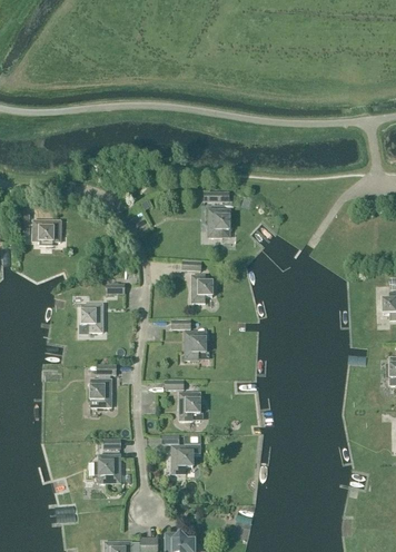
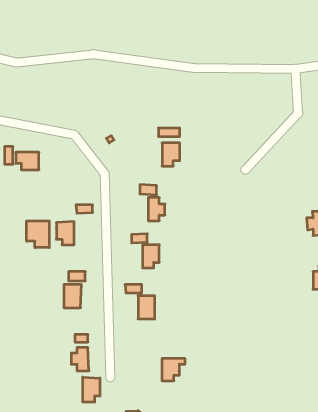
building: none -> [27,221,49,248]
building: [171,446,199,473] -> [162,359,185,381]
building: none -> [83,377,100,402]

